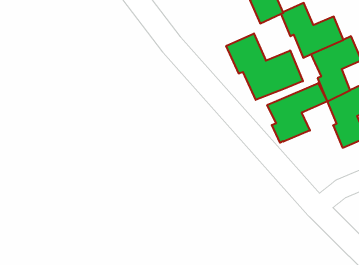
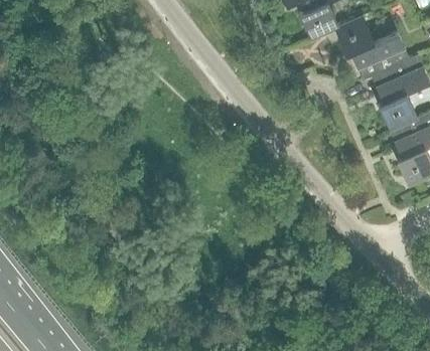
building: [226,33,303,100] -> none
building: [267,83,327,143] -> none

